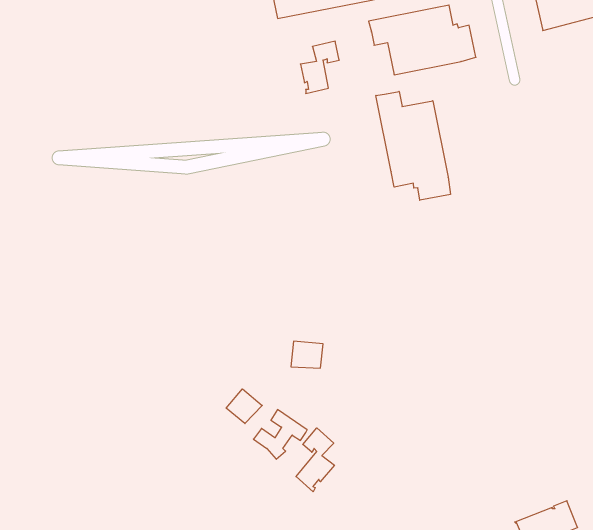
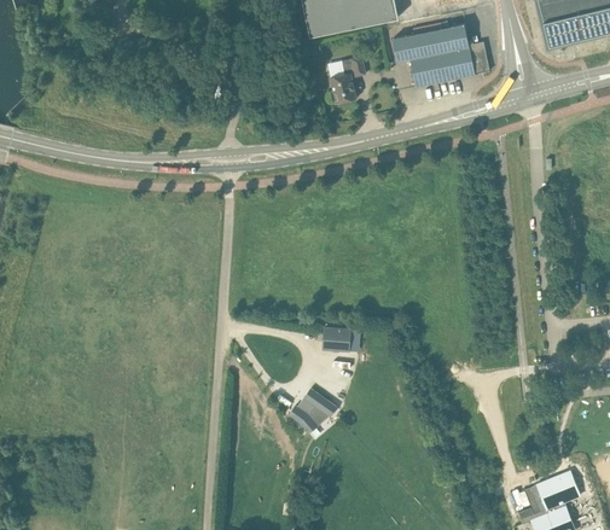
building: [376,91,450,200] -> none
building: [226,389,262,424] -> none
building: [296,428,334,492] -> none

